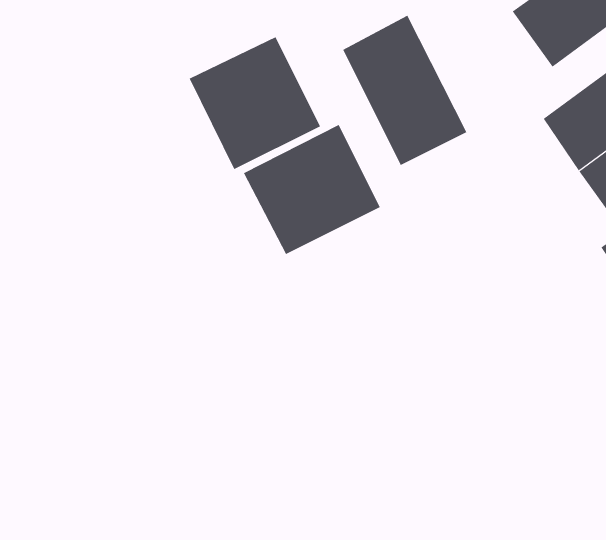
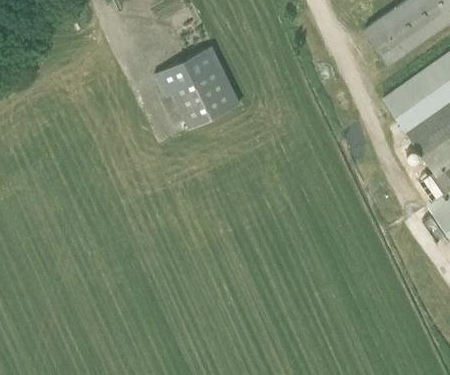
building: [342,15,467,166] -> none
building: [243,124,381,255] -> none

